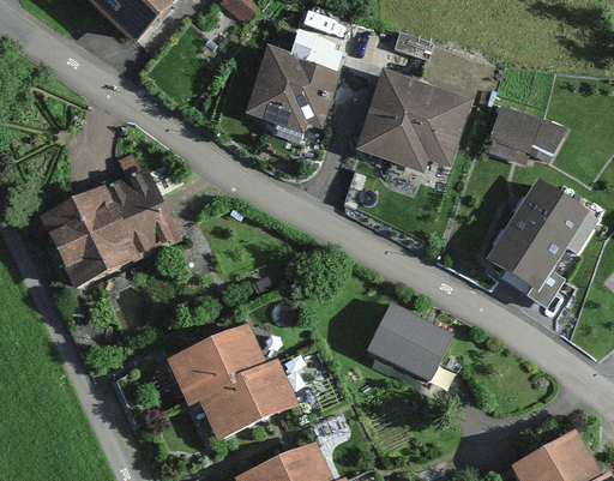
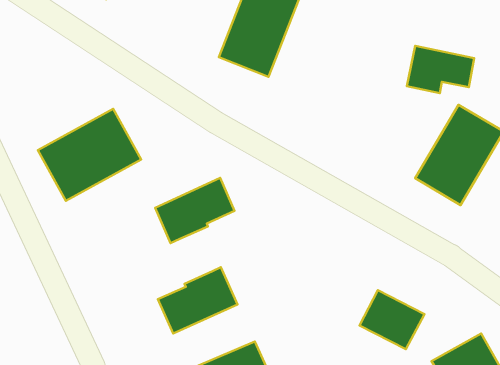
building: [363,71,469,182] -> none
building: [365,306,440,374] -> [359,290,424,349]
building: [163,325,255,401] -> [155,178,235,243]

